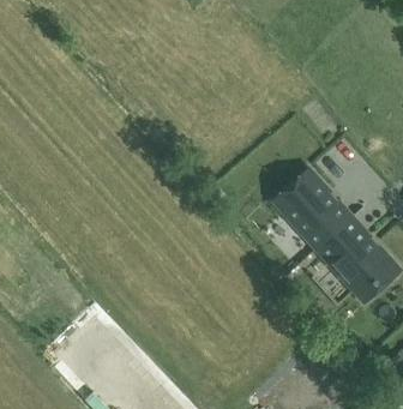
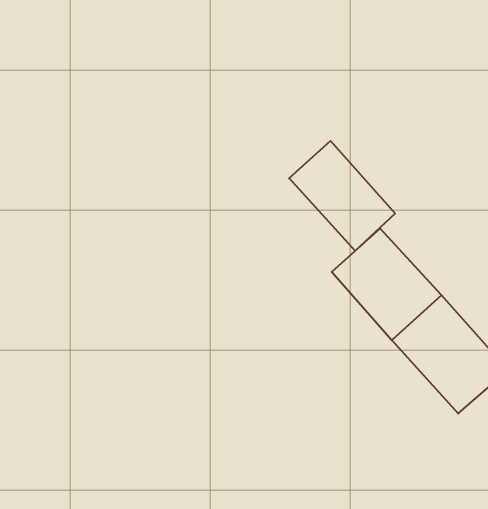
building: none -> [289,141,395,251]

